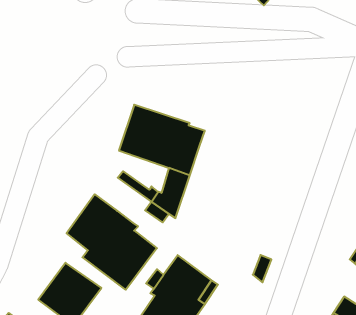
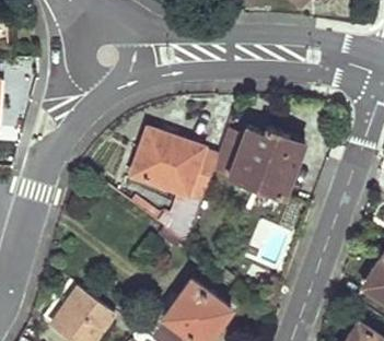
building: none -> [212,128,304,198]
building: [67,194,157,290] -> none

